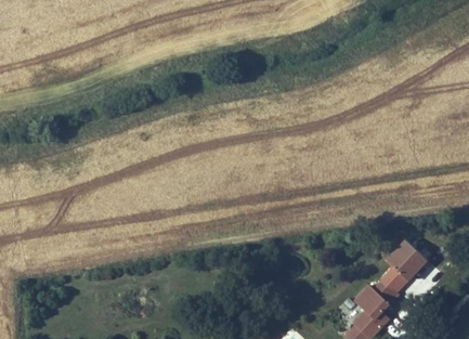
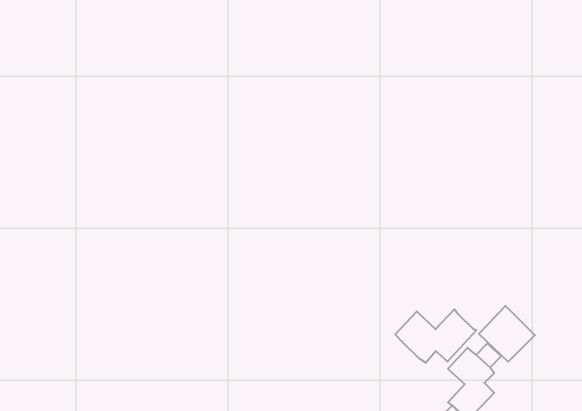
building: none -> [395,309,476,363]

